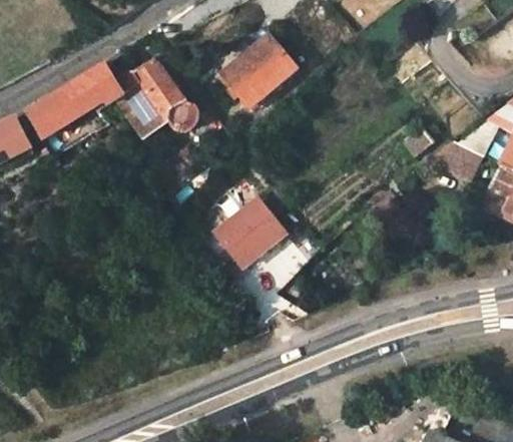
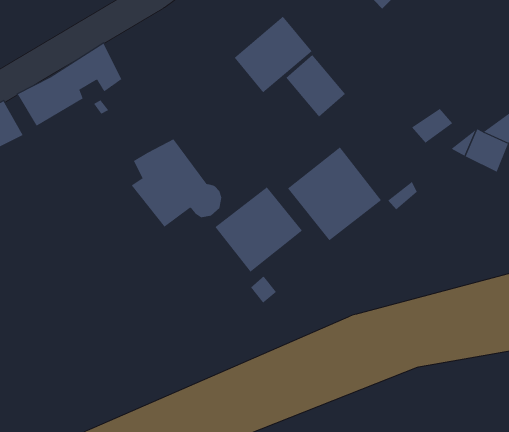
building: [111,57,196,140] -> [131,138,222,228]
building: none -> [285,54,346,118]
building: none -> [287,147,382,241]

